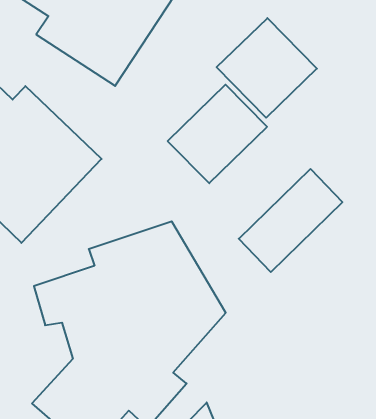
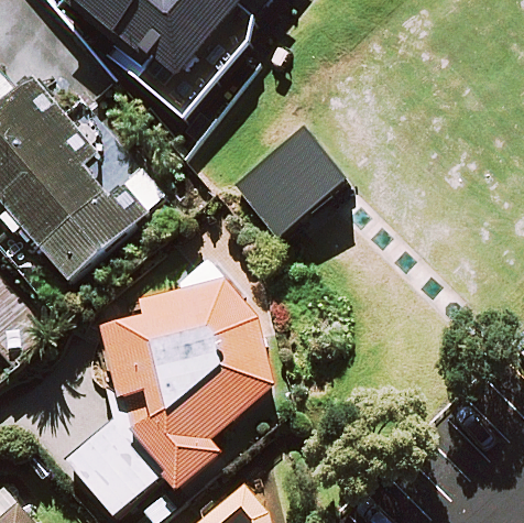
building: [217,18,317,118] -> none
building: [239,169,342,272] -> none

